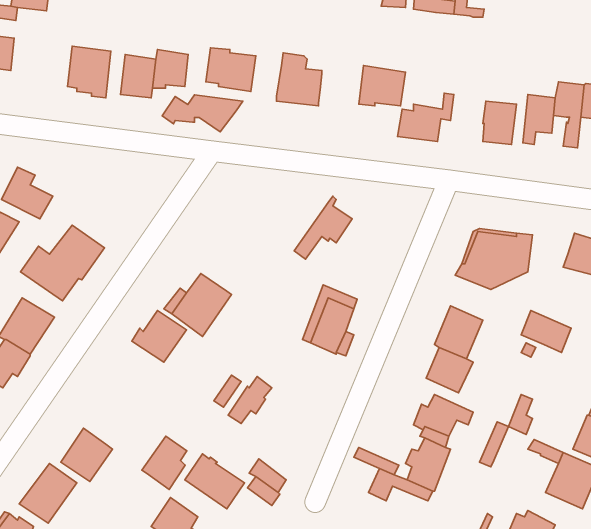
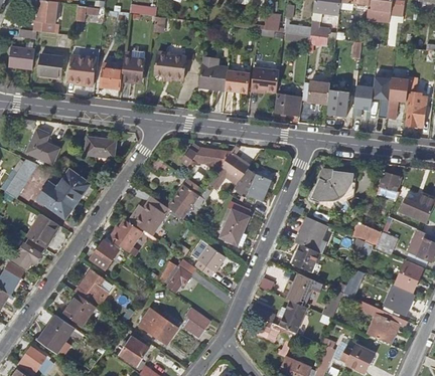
building: none -> [37,54,62,76]
building: none -> [225,71,249,93]
building: none -> [307,80,329,103]
building: [162,95,243,132] -> [180,147,231,170]
building: none -> [87,134,114,156]
building: none -> [234,173,269,198]
building: none -> [167,179,202,218]
building: none -> [92,241,119,269]
building: none -> [194,243,226,274]
building: [142,436,187,489] -> [75,269,103,303]

